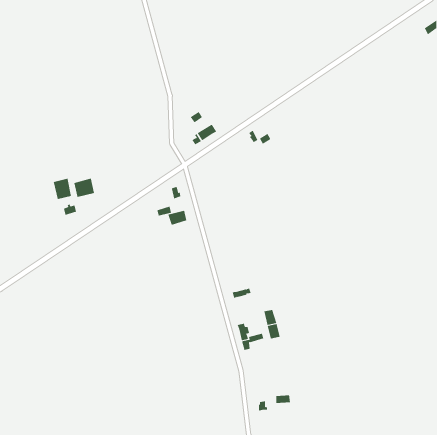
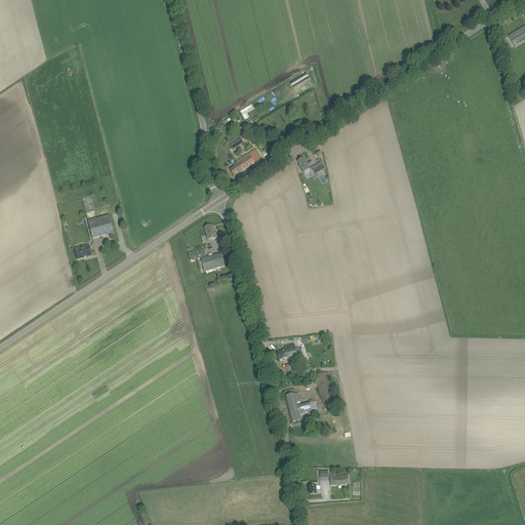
building: [53,178,71,200] -> none

